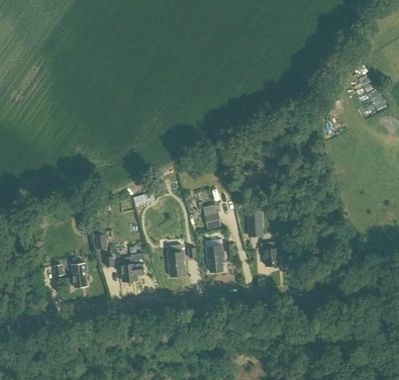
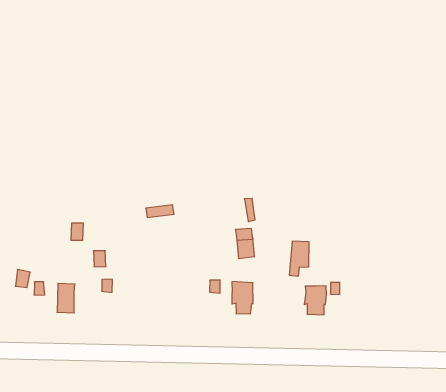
building: [168,244,185,276] -> none
building: [121,257,145,281] -> none

